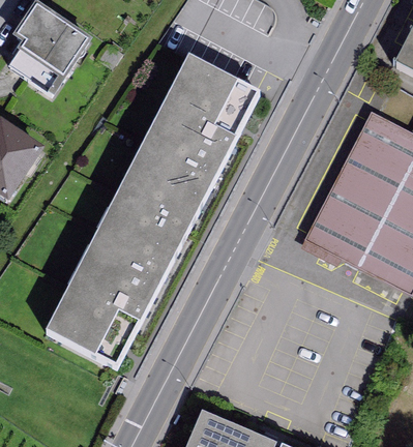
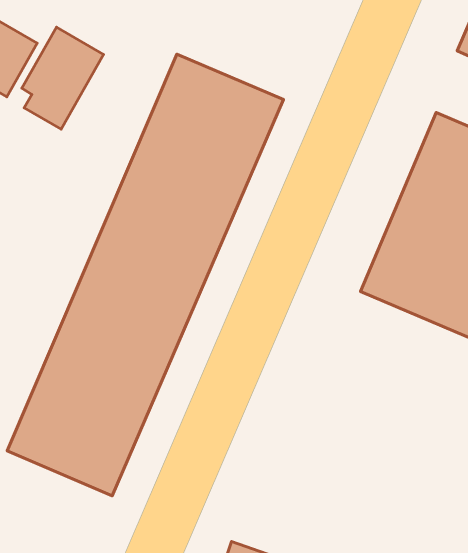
building: none -> [22,27,104,129]

